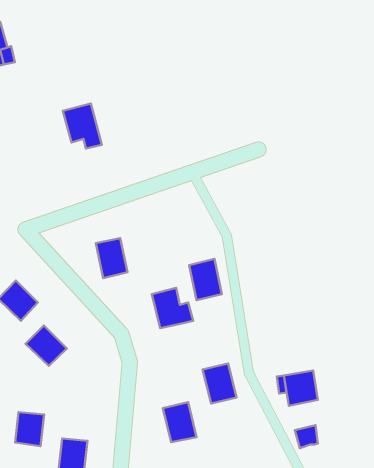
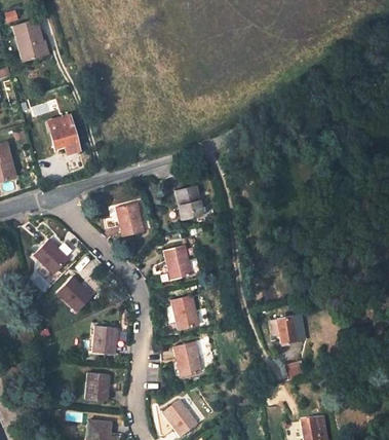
building: [63,104,102,149] -> [47,115,80,153]
building: [189,259,222,300] -> [176,185,203,220]
building: [203,363,237,404] -> [170,295,199,329]
building: [15,412,44,446] -> [92,326,117,355]

